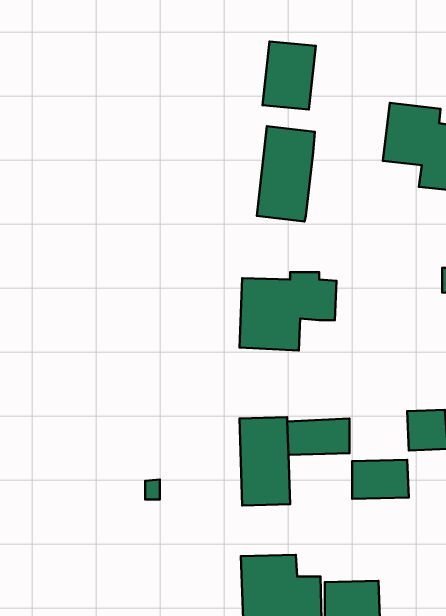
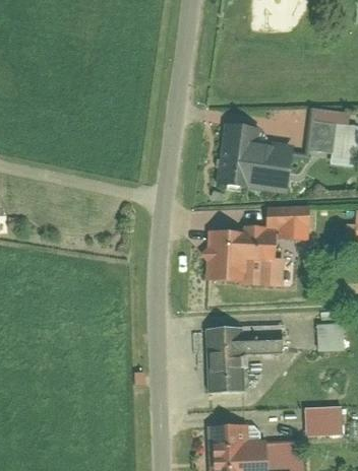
building: [262,42,316,110] -> [252,142,290,190]
building: none -> [261,205,310,241]
building: none -> [260,260,283,286]
building: [352,460,409,499] -> [305,408,345,435]

